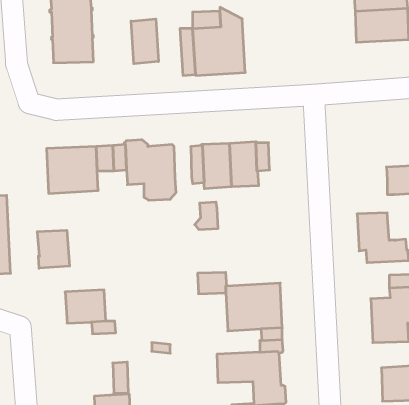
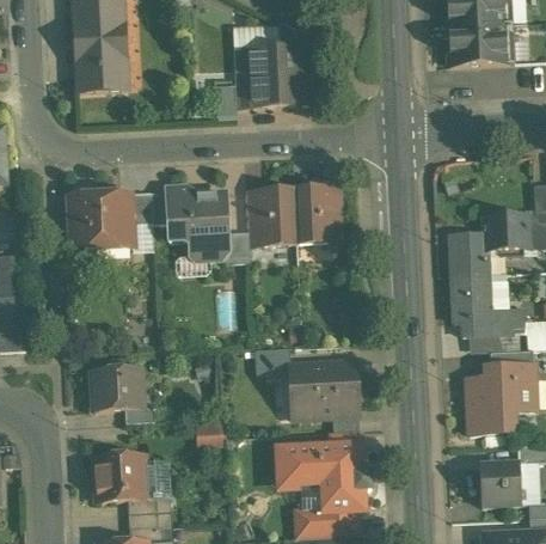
building: [131,19,158,64] -> none
building: none -> [449,233,497,275]
building: [195,202,218,229] -> [221,230,250,263]
building: [37,230,70,268] -> none
building: none -> [94,454,147,500]

